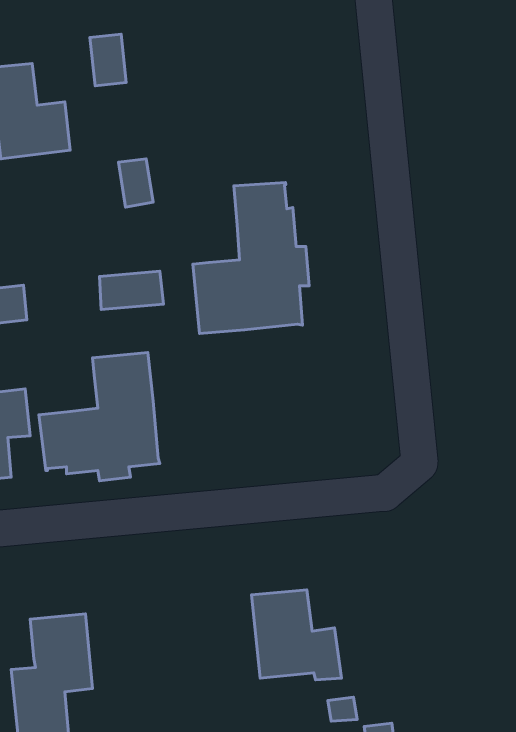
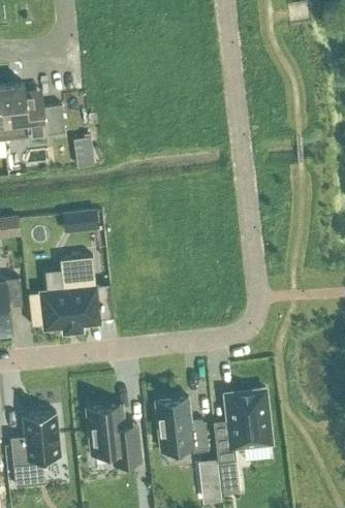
building: [90,34,126,86] -> [43,104,65,135]
building: [193,183,309,334] -> none
building: none -> [215,389,271,463]
building: none -> [89,405,140,463]

